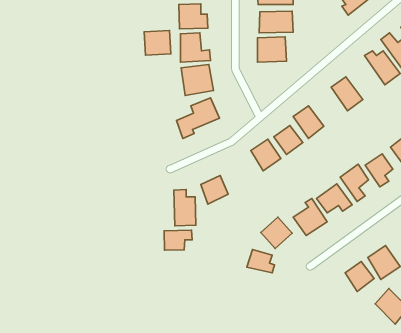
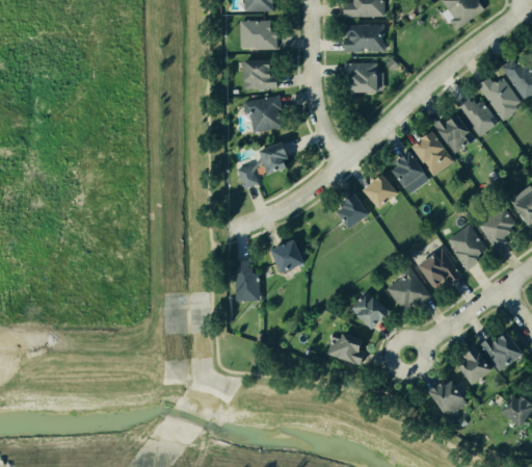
building: [144,30,171,55] -> none
building: none -> [456,97,500,138]
building: none -> [407,128,454,178]
building: [164,230,192,250] -> none
building: none -> [425,375,463,412]

